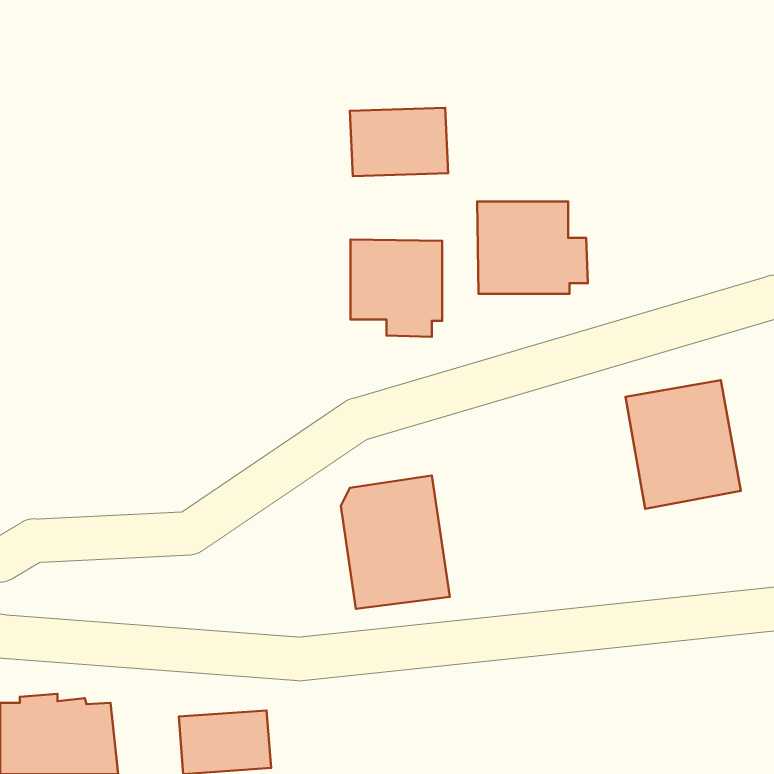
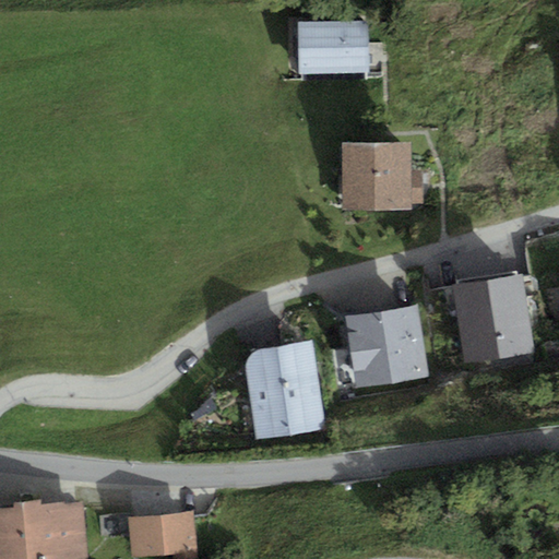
building: [350,108,448,176] -> [297,21,368,70]
building: [351,240,442,337] -> none
building: none -> [346,307,429,389]

